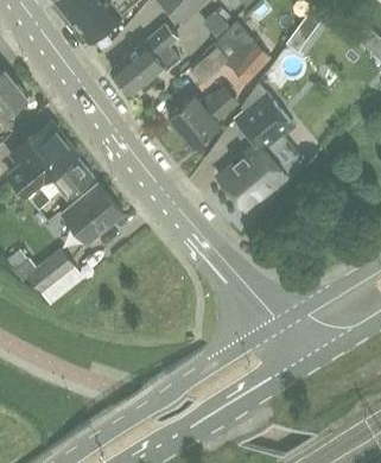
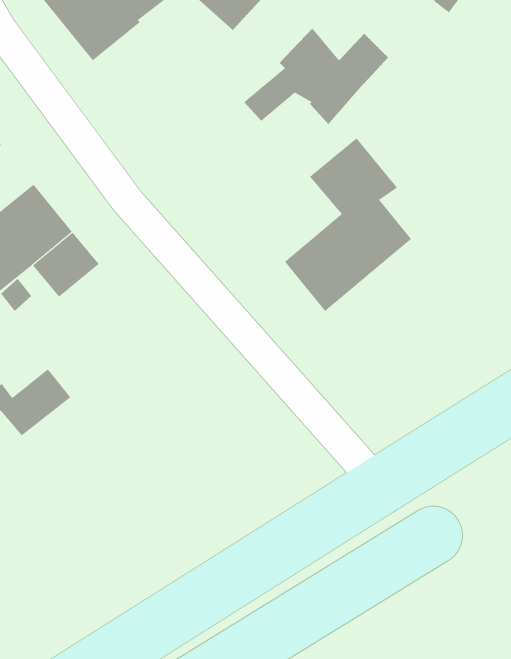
building: [112,25,179,95] -> none
building: [167,89,236,148] -> none
building: [62,183,125,243] -> none

